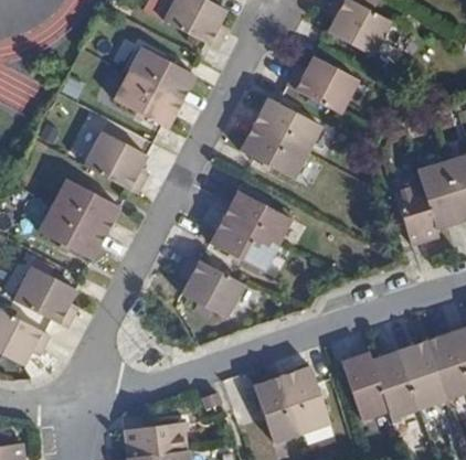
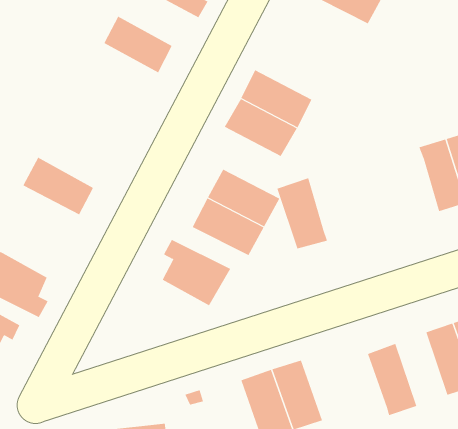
building: [285,55,358,113] -> none
building: [113,73,178,128] -> none
building: [83,131,145,192] -> none
building: [393,180,441,246] -> [277,178,328,249]
building: [38,204,105,260] -> none
building: [398,340,445,408] -> none
building: [342,350,389,418] -> none

